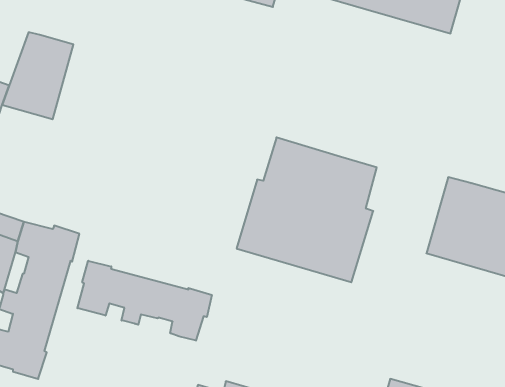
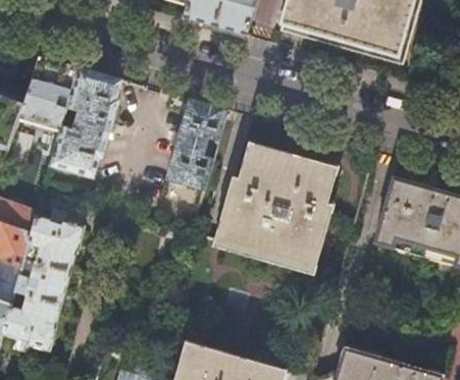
building: none -> [50,66,120,175]
building: none -> [166,98,225,188]
building: [77,261,212,341] -> none

